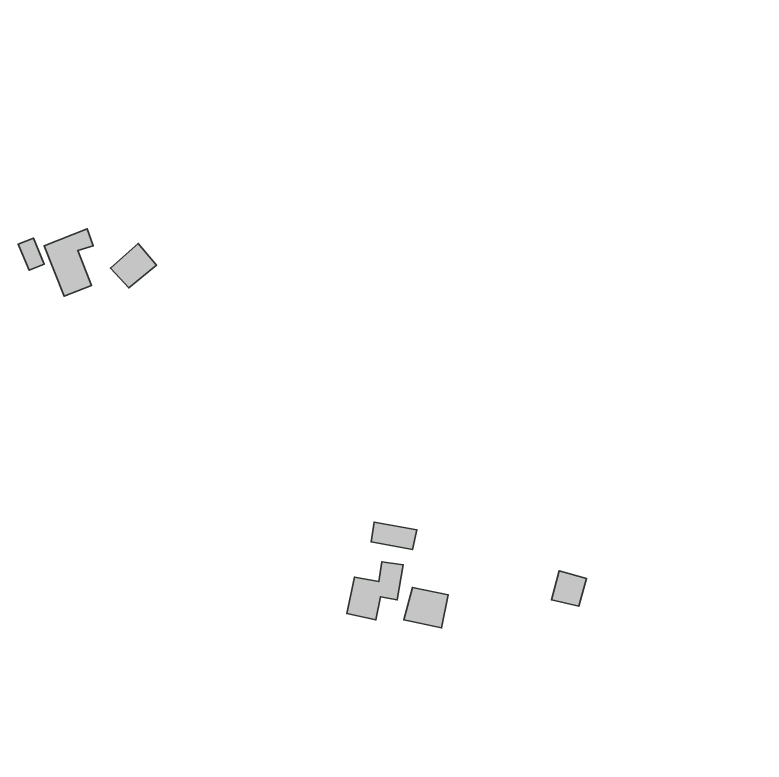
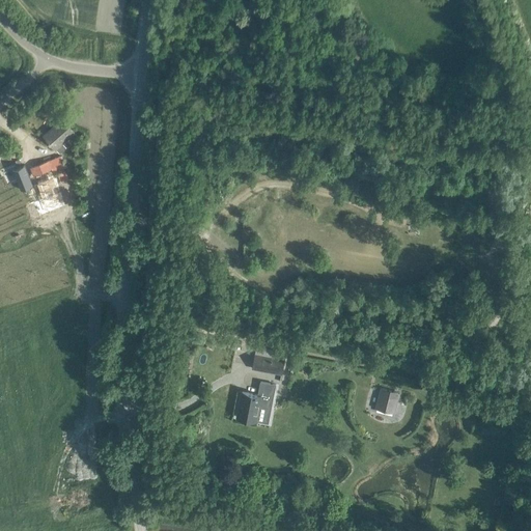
building: [111,244,156,288] -> [43,119,74,149]
building: [404,587,448,628] -> none

